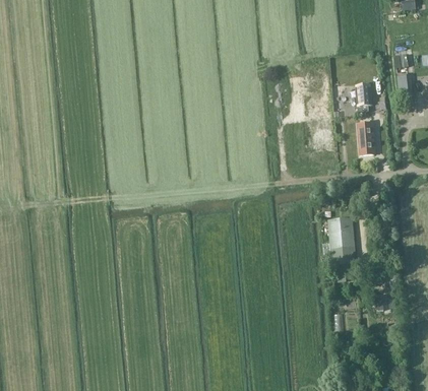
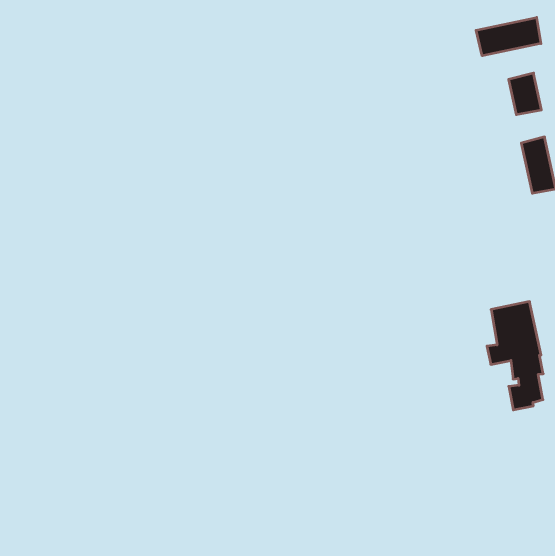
building: none -> [476,17,541,56]

